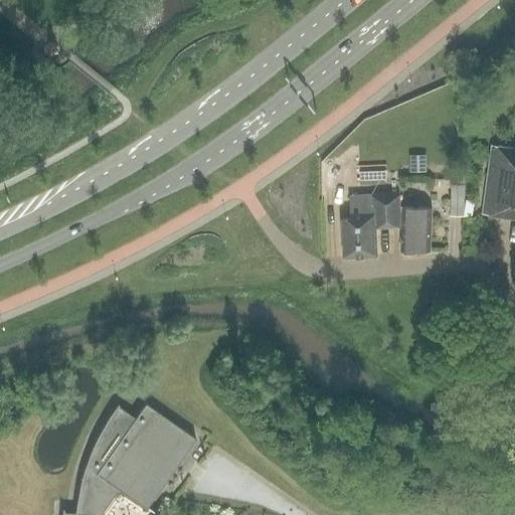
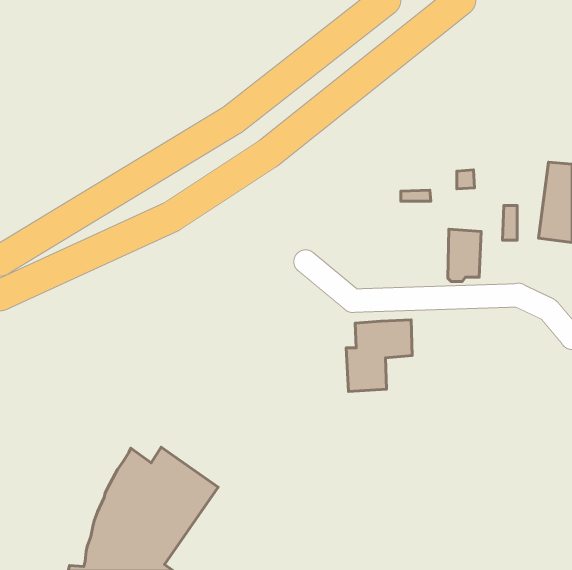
building: [342,194,401,259] -> [346,320,412,391]

